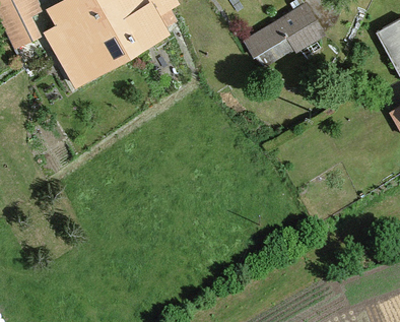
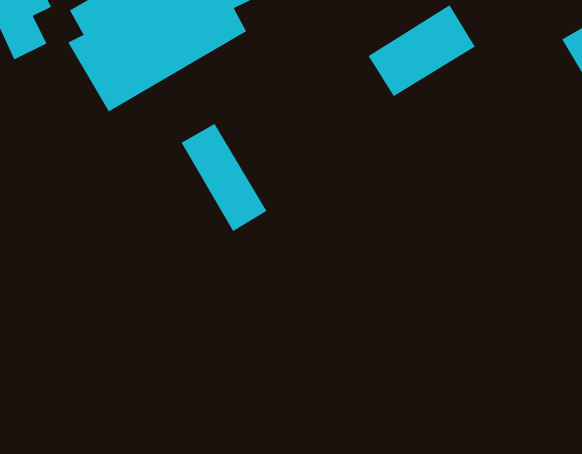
building: none -> [181,123,267,232]

